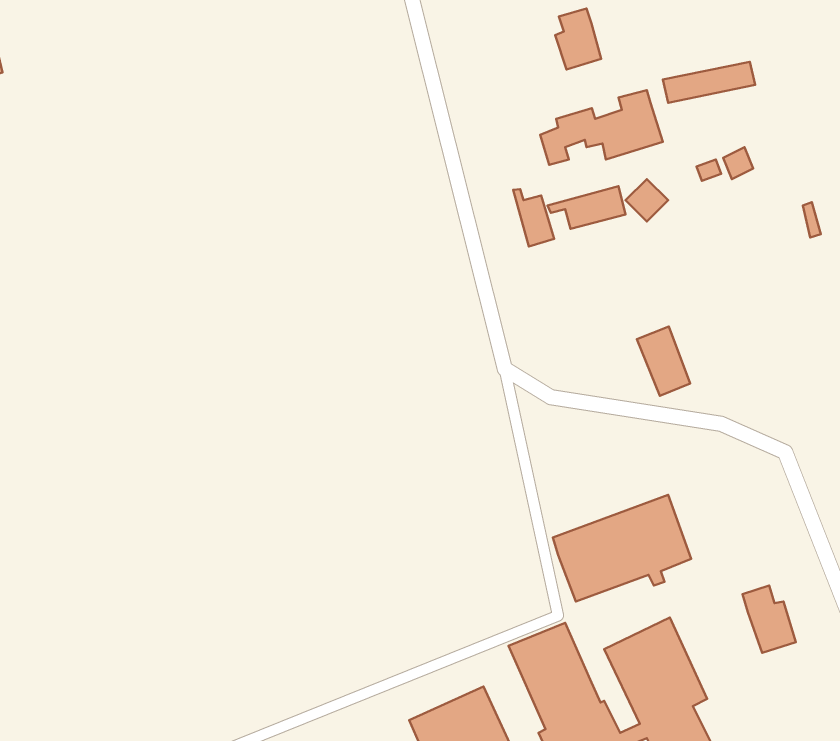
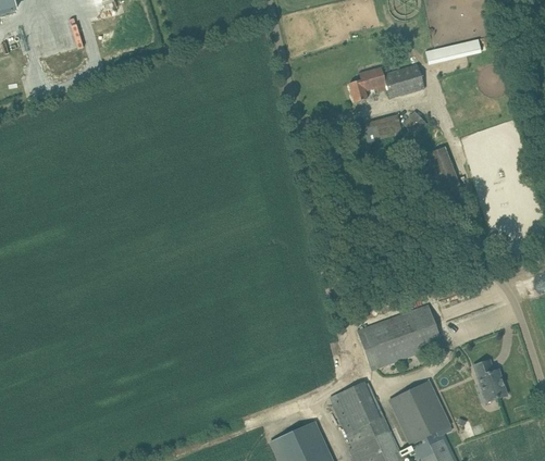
building: [555,8,601,70] -> none
building: [513,189,554,246] -> none
building: [637,327,690,396] -> [424,146,457,188]

